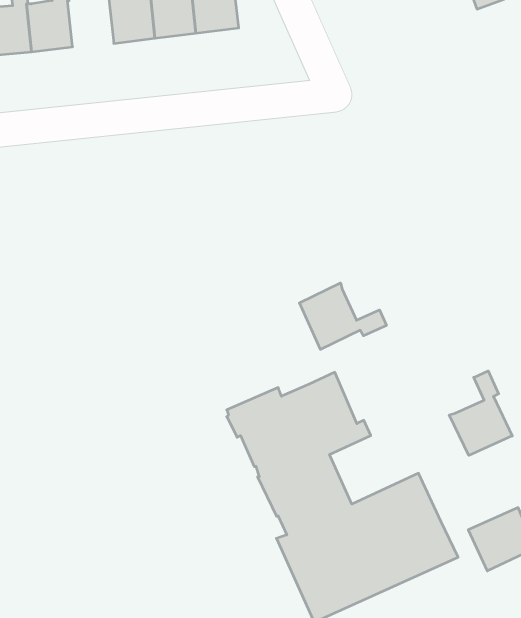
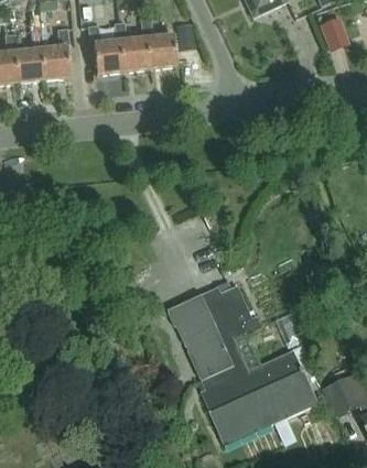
building: [299,283,386,349] -> none
building: [449,371,512,455] -> none

